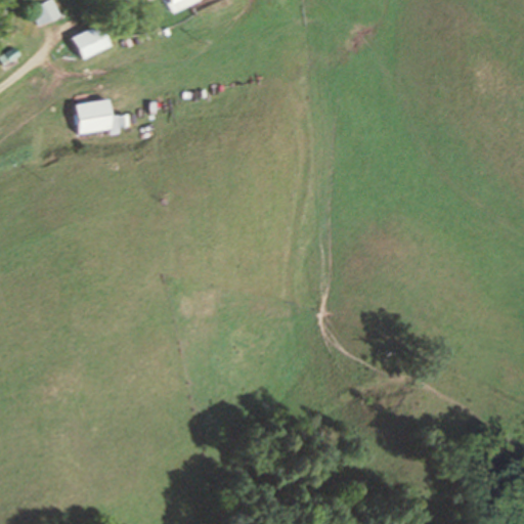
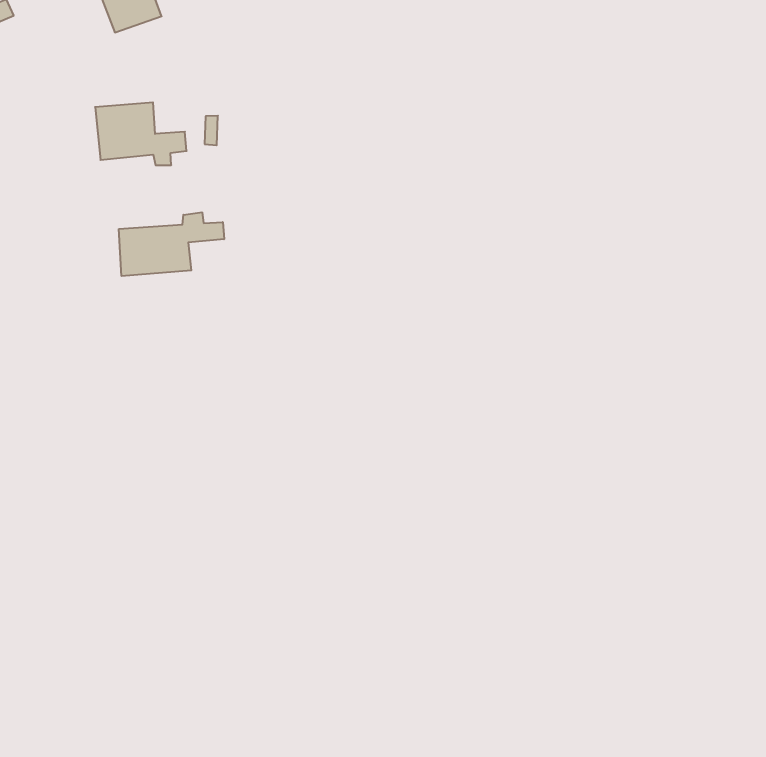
building: none -> [119,212,224,276]

